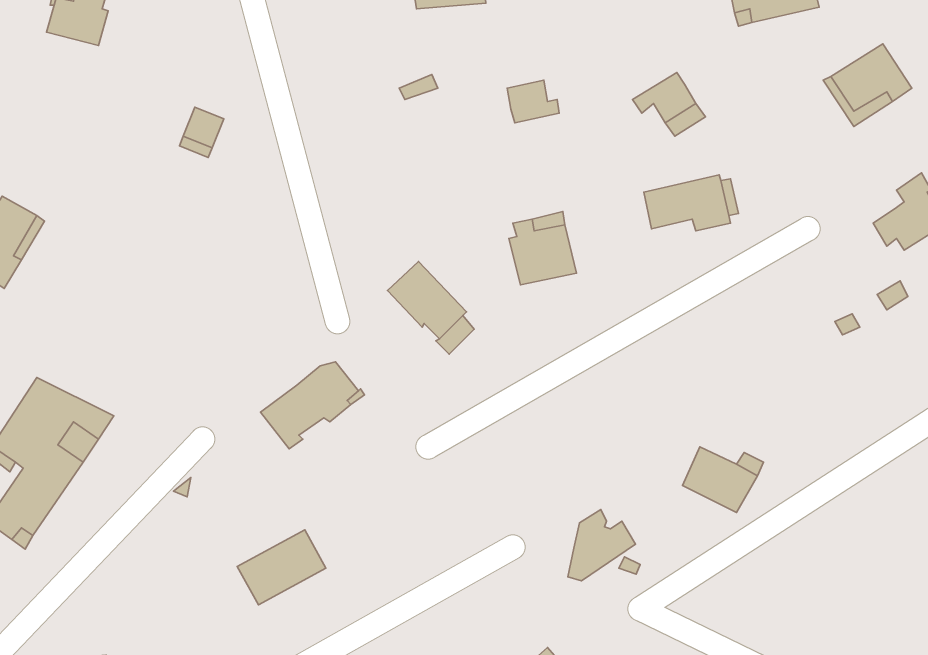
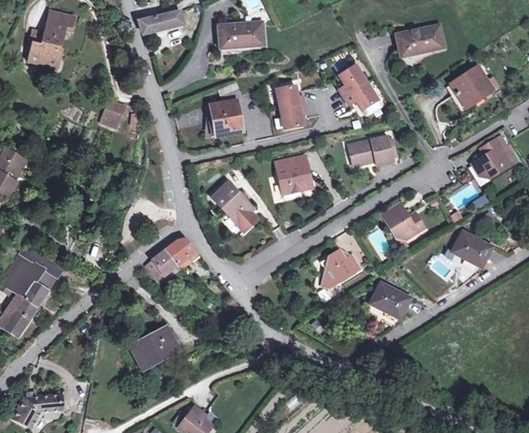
building: none -> [338,63,367,96]
building: none -> [210,100,242,135]
building: none -> [280,103,306,129]
building: none -> [381,202,423,238]
building: none -> [452,230,492,266]
building: [568,509,635,581] -> [321,247,357,285]

